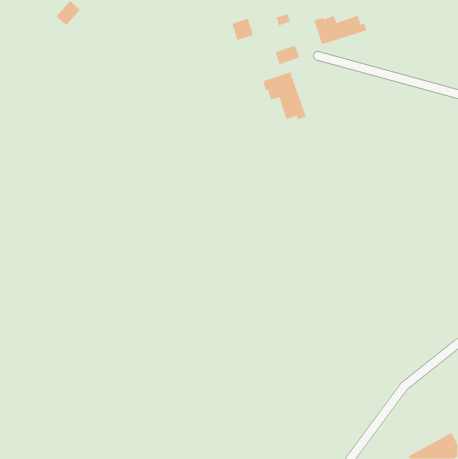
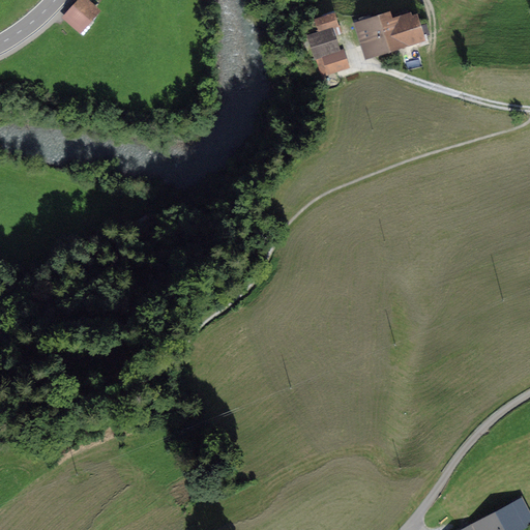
building: [232,18,254,41] -> [311,30,336,56]
building: [262,71,306,120] -> none

